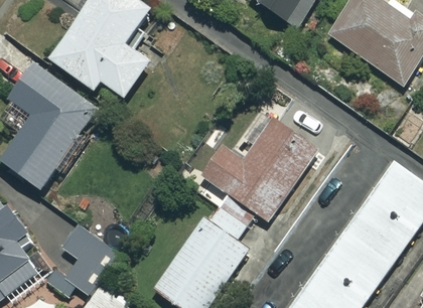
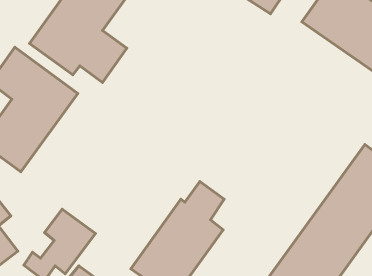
building: [198,89,318,222] -> none

